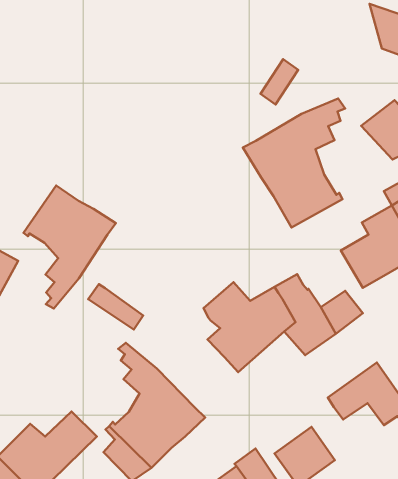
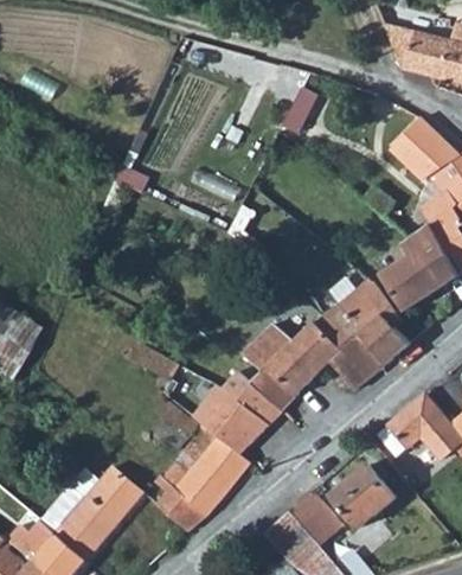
building: [243,98,345,227] -> none
building: [24,186,116,309] -> none
building: none -> [335,282,393,339]
building: none -> [199,372,283,454]

